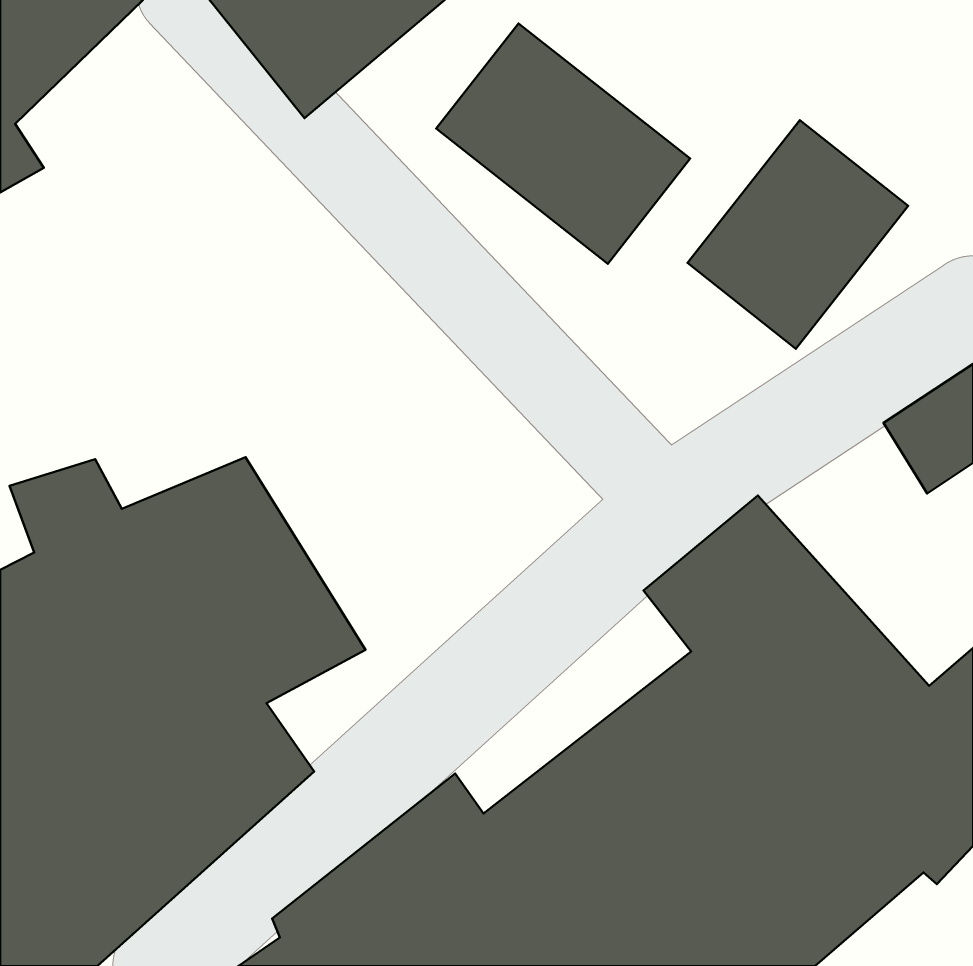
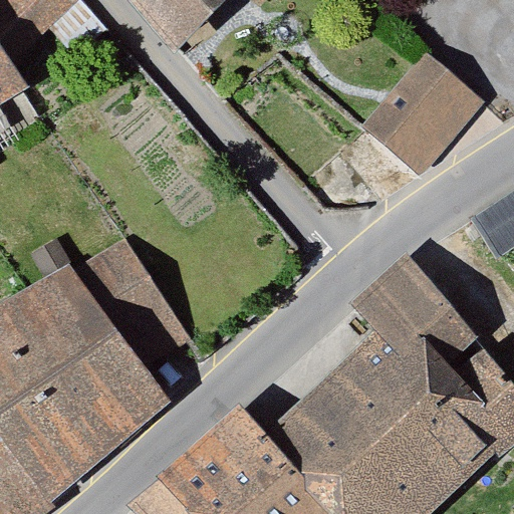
building: [436,23,690,264] -> none

